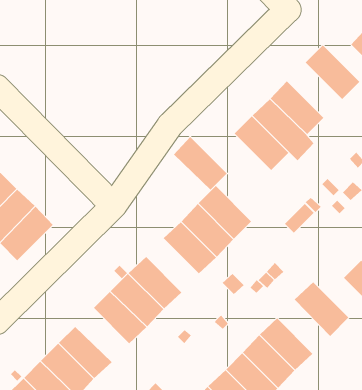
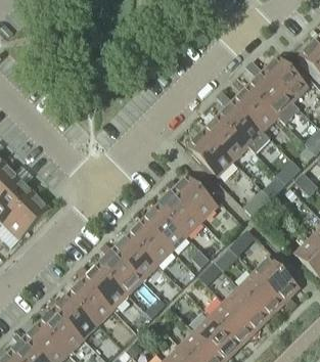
building: none -> [246,70,300,122]
building: [173,136,227,190] -> [187,130,233,176]
building: none -> [127,219,172,265]
building: none -> [238,271,283,317]
building: none -> [66,278,112,324]

